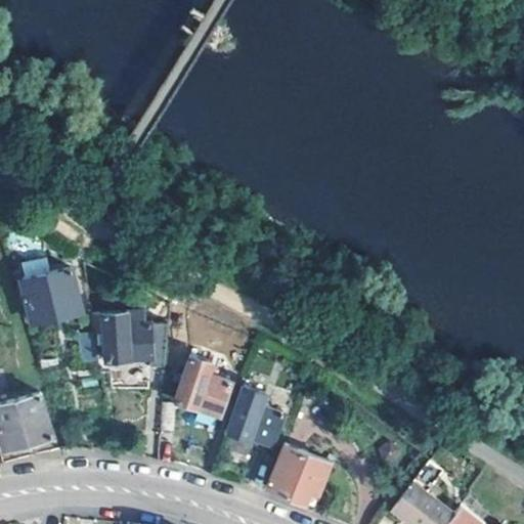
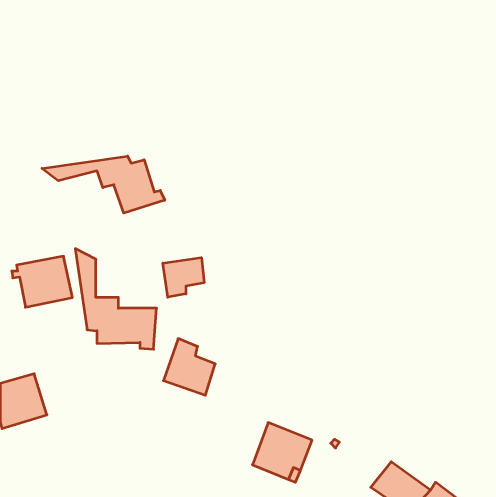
building: none -> [42,156,165,213]
building: none -> [163,258,204,297]
building: [228,387,283,448] -> none

